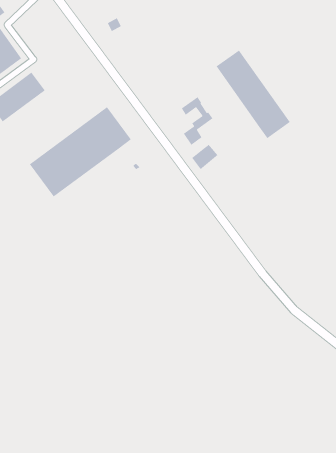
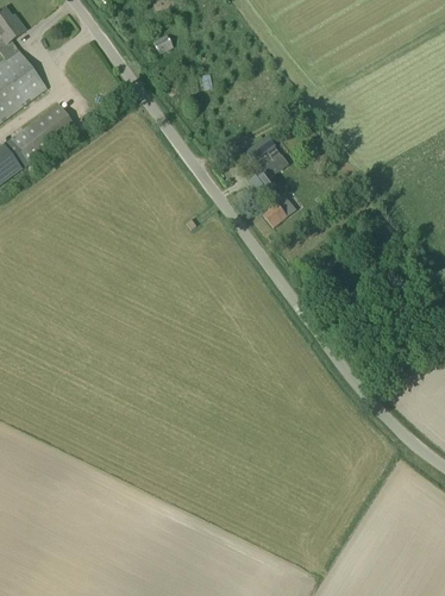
building: [215,49,291,139] -> none
building: [29,106,132,197] -> none

